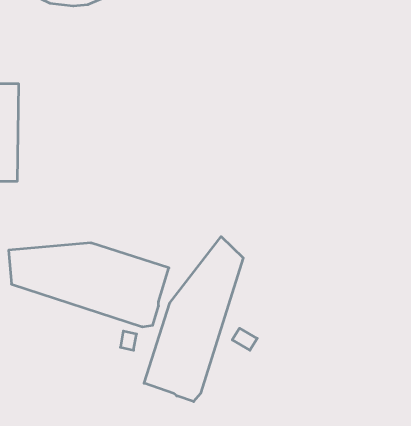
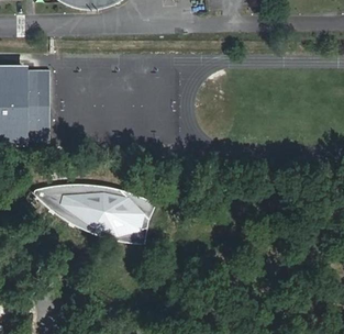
building: [144,237,243,402] -> none

